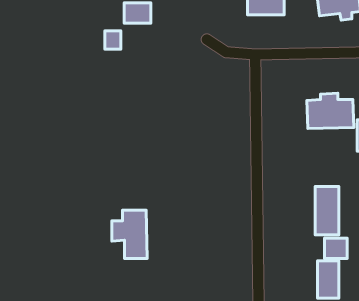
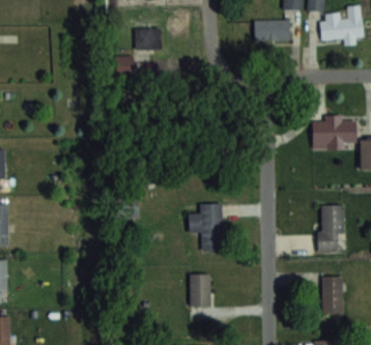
building: [112,210,147,258] -> [189,204,223,251]
building: [324,238,347,258] -> none
building: none -> [189,275,210,308]

